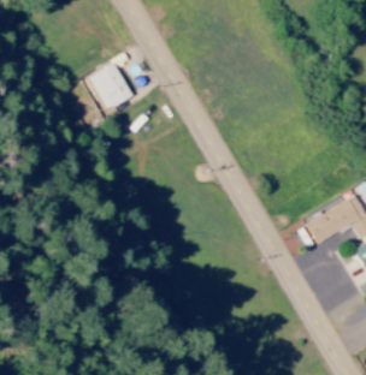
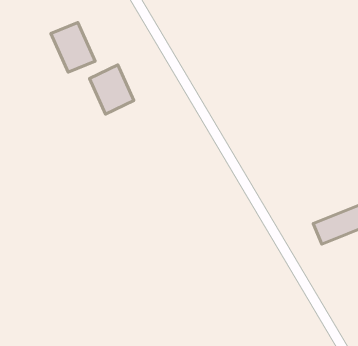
building: none -> [51,22,95,72]

